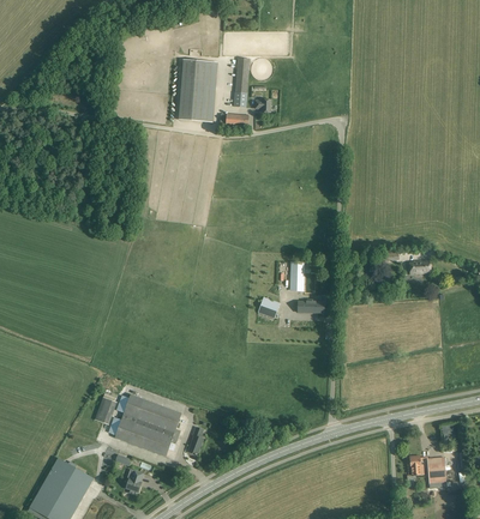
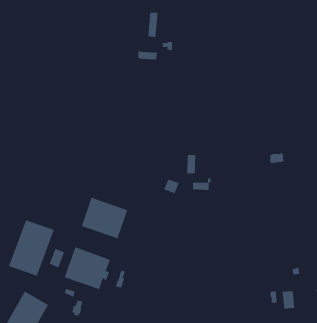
building: [179,59,217,121] -> none
building: none -> [81,197,128,239]
building: none -> [8,219,54,277]

